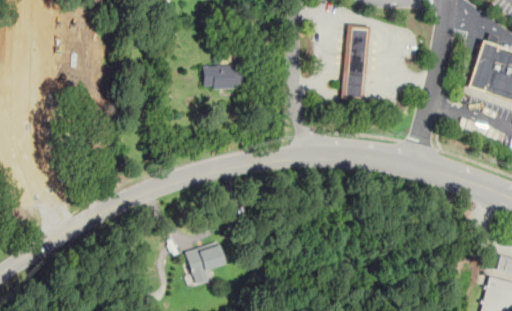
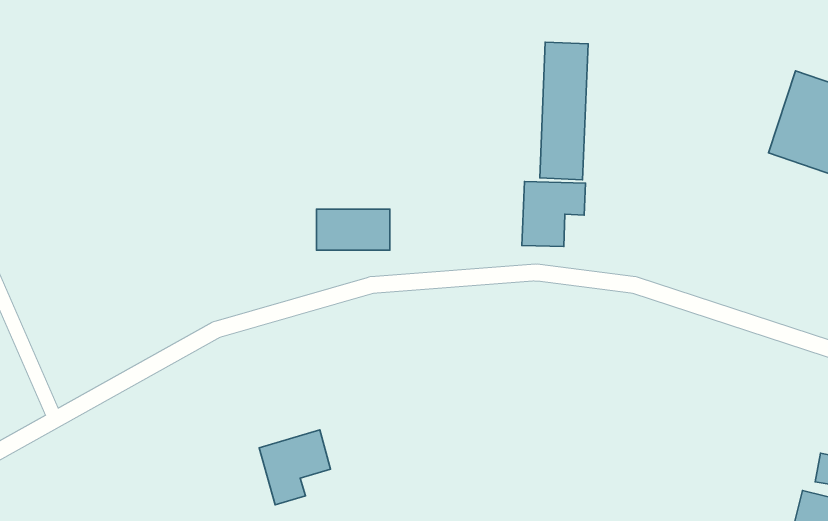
building: [203,65,244,88] -> [316,209,390,250]
building: none -> [522,181,585,246]

